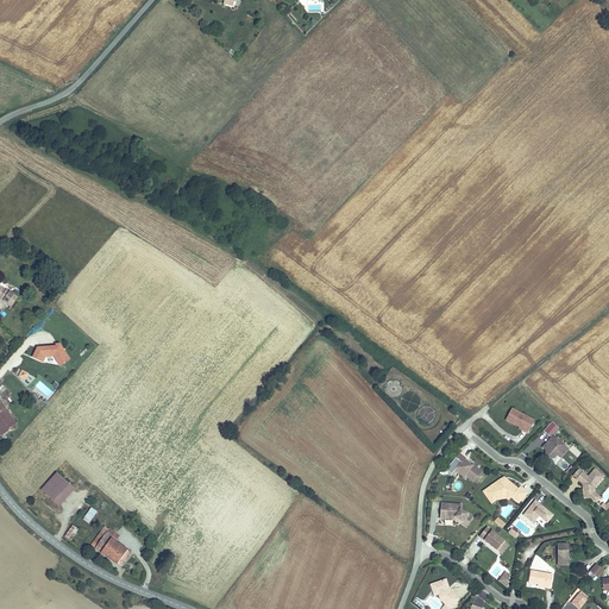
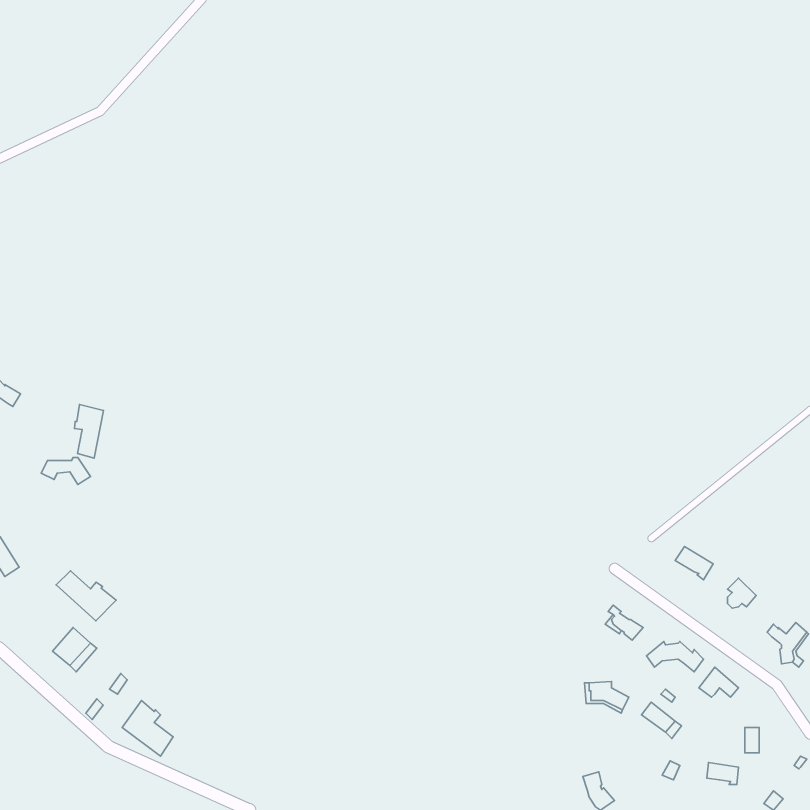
building: none -> [75,405,104,458]
building: none -> [56,571,116,621]

